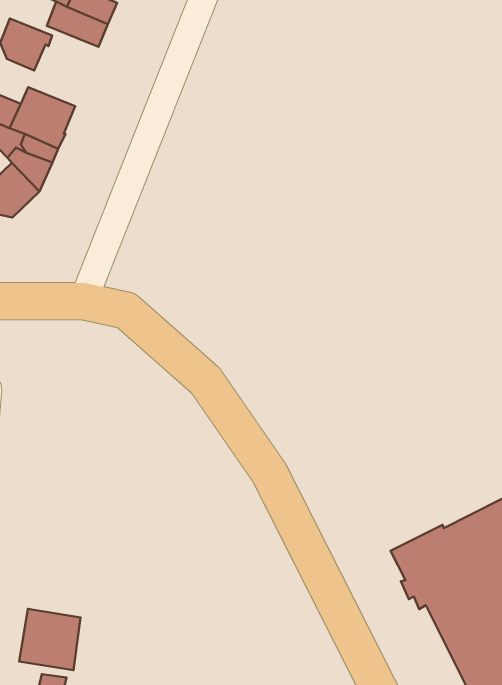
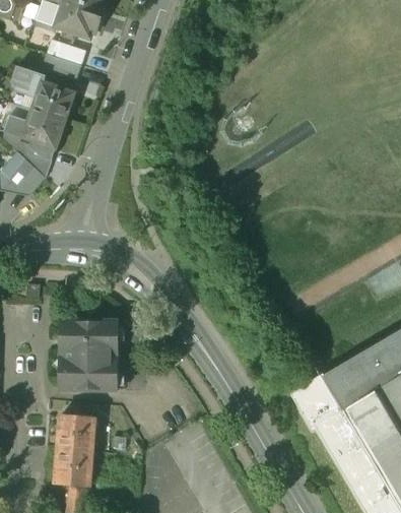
building: none -> [32,81,74,120]
building: none -> [59,320,118,390]
building: none -> [57,414,94,451]

